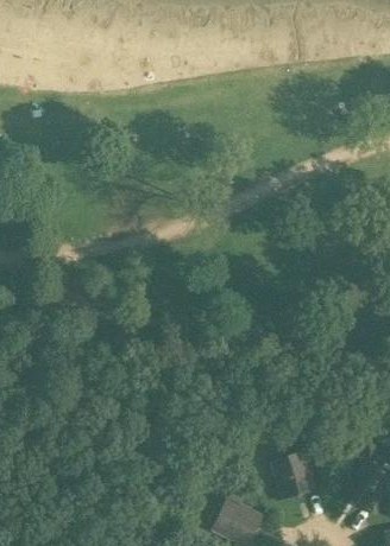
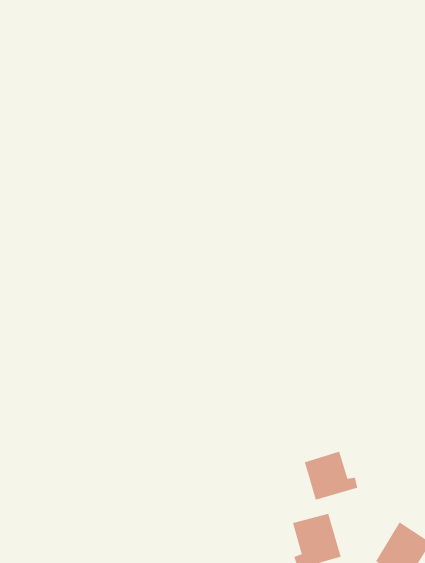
building: none -> [304,451,358,501]

